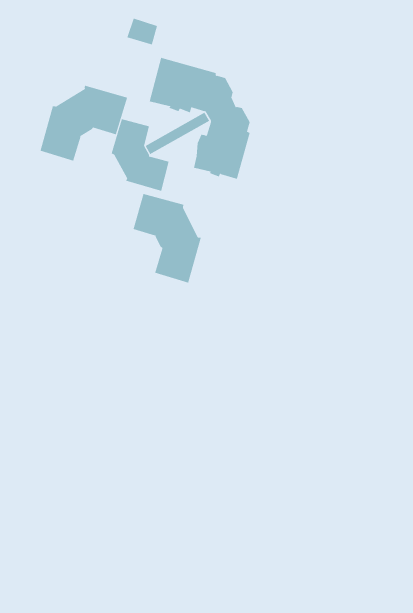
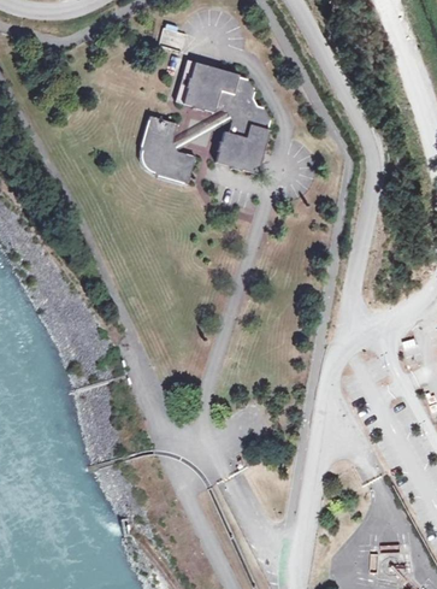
building: [40,85,128,161] -> none
building: [133,193,201,283] -> none

